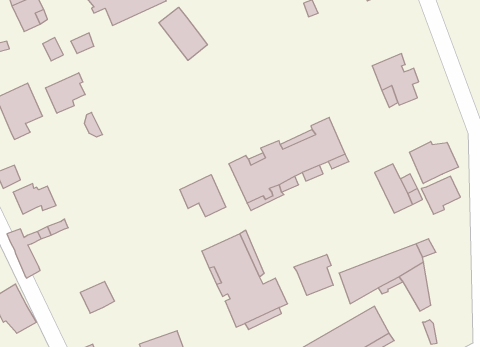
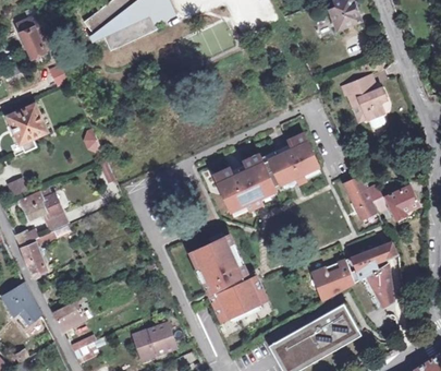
building: [159,7,207,60] -> none
building: [46,73,85,113] -> none
building: [410,141,458,184] -> none
building: [180,175,226,217] -> none
building: [294,254,333,295] -> none
building: [80,281,115,313] -> [53,300,84,328]

